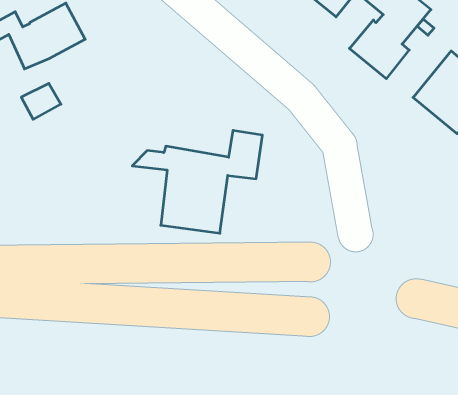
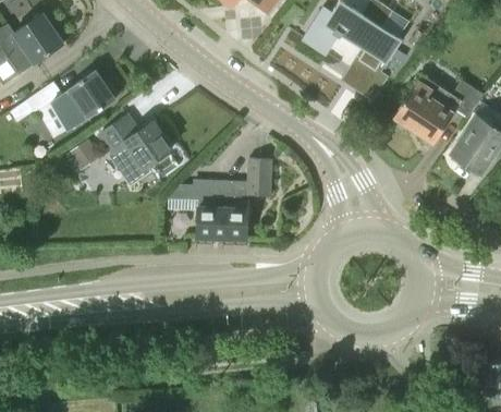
building: none -> [100,114,172,183]

